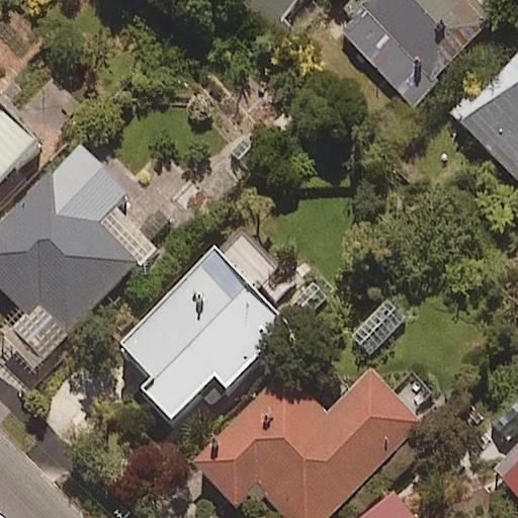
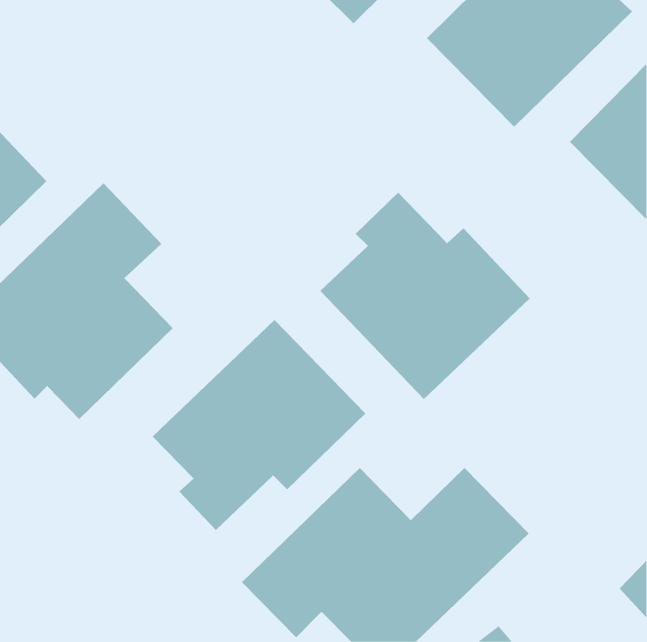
building: none -> [320,192,531,400]

